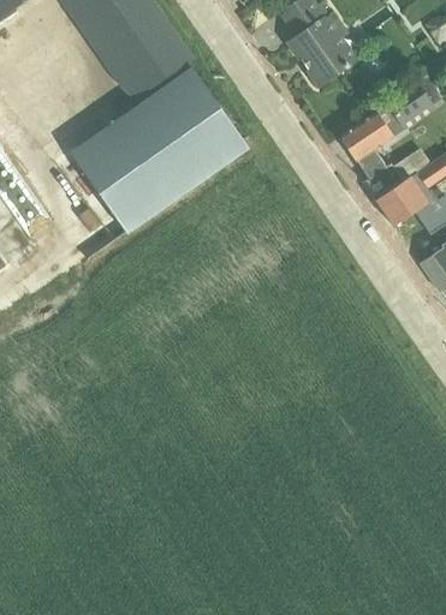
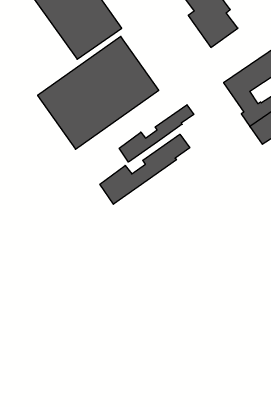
building: none -> [119,105,194,162]
building: none -> [100,134,190,204]

